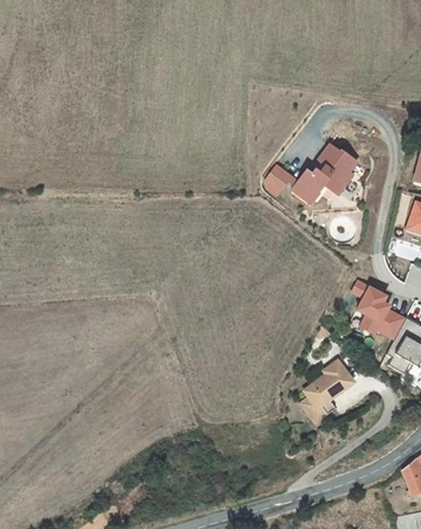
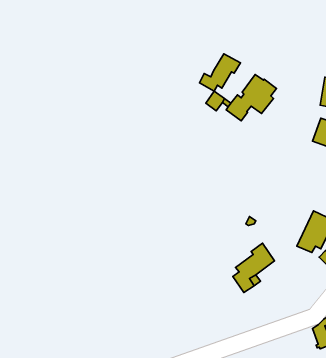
building: none -> [199,54,240,91]
building: [350,278,406,339] -> none

